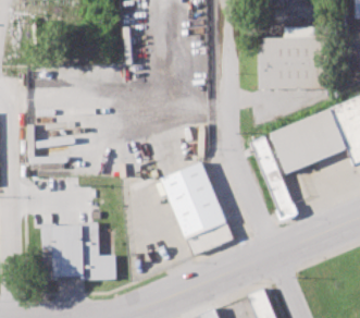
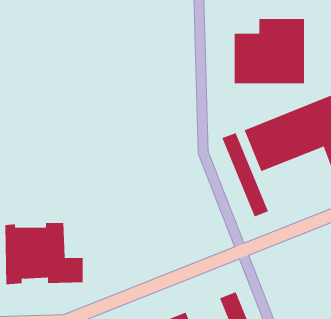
building: [161,162,233,255] -> none

